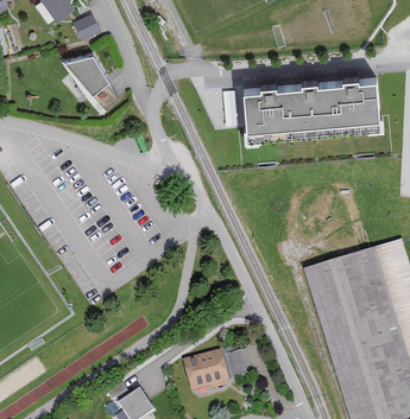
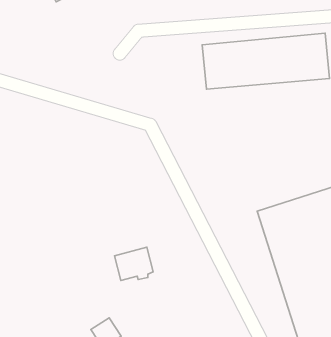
building: [62,55,122,115] -> none
building: [184,351,227,388] -> [114,247,153,281]

